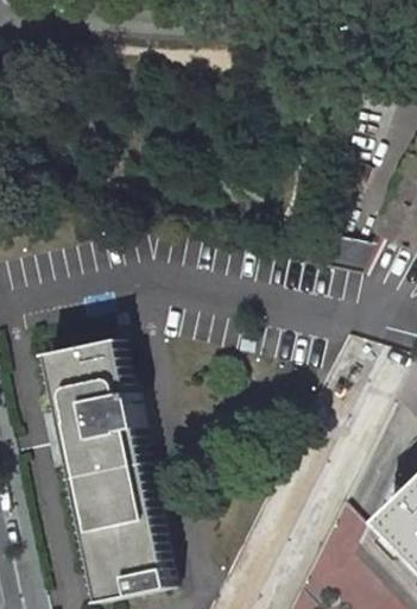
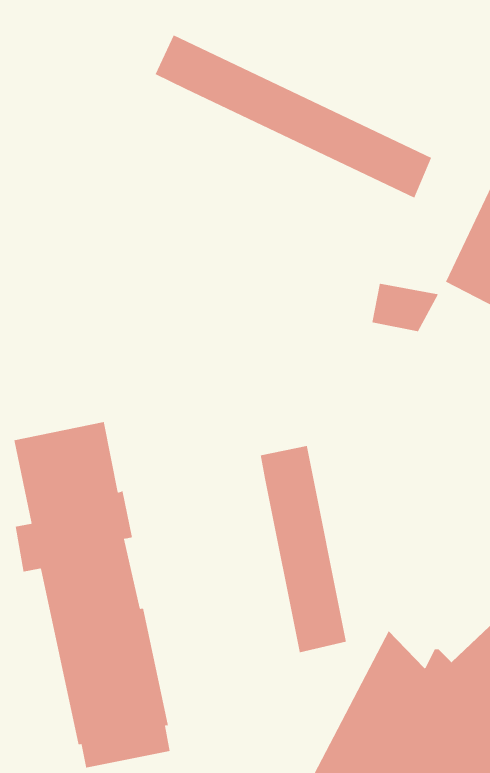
building: none -> [155,34,432,199]
building: none -> [260,445,347,653]

